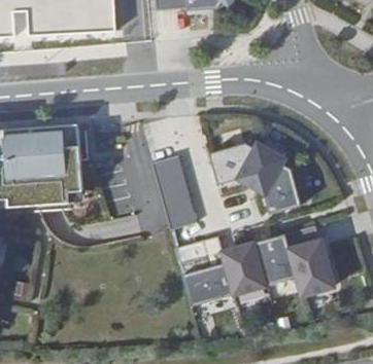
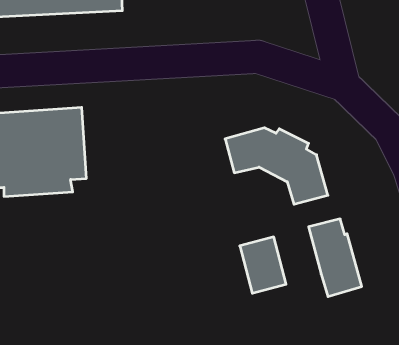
building: [151,157,197,231] -> none
building: [253,234,297,287] -> none
building: [182,238,234,307] -> none

